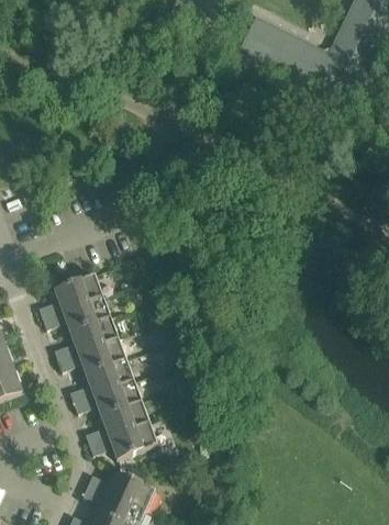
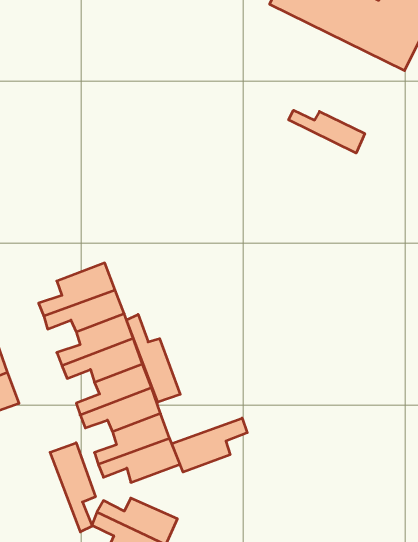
building: none -> [289,110,365,153]
building: none -> [127,314,180,402]
building: none -> [172,418,247,472]
building: none -> [50,443,95,532]

